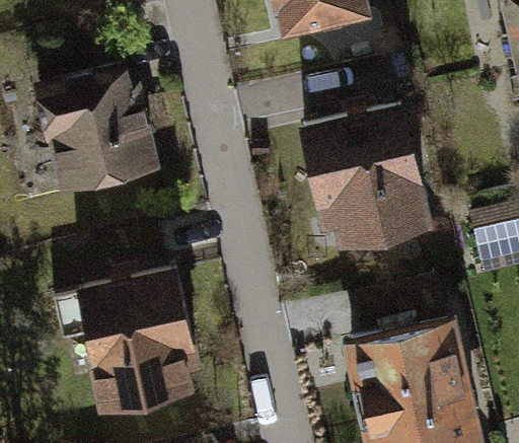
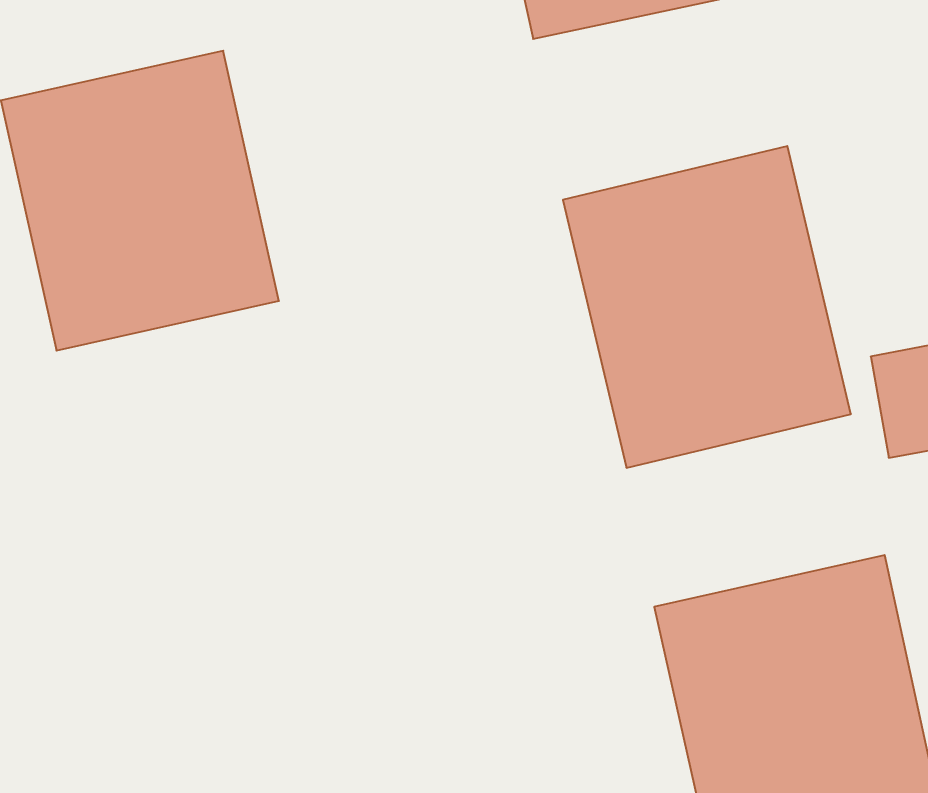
building: [82,267,213,419] -> none

